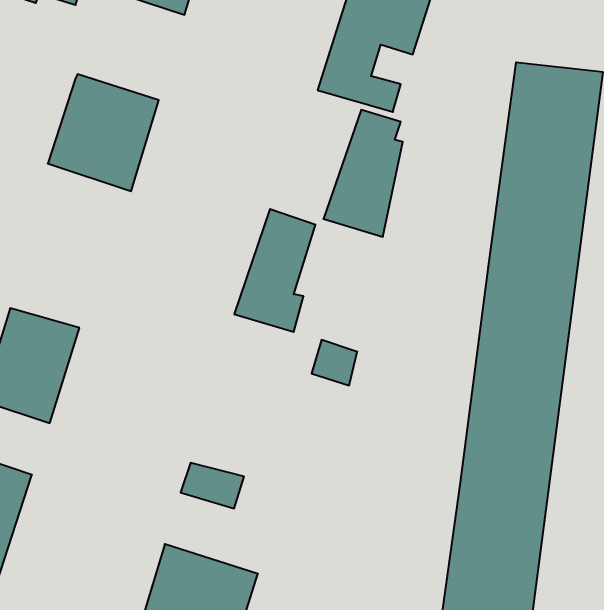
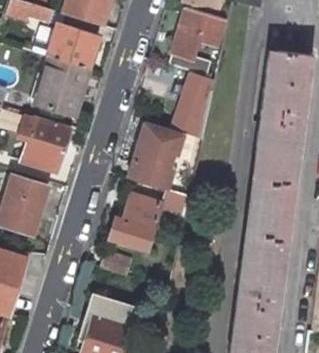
building: none -> [46,23,99,68]
building: none -> [22,118,71,170]
building: none -> [110,193,160,248]

